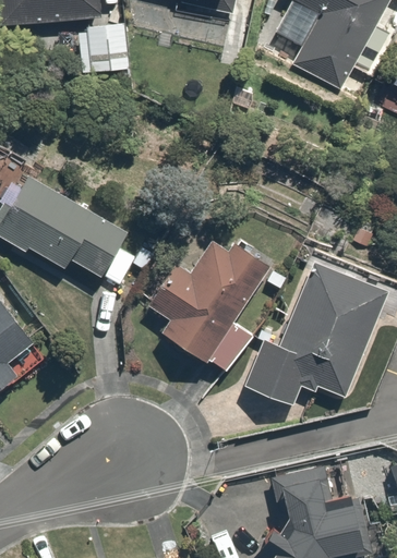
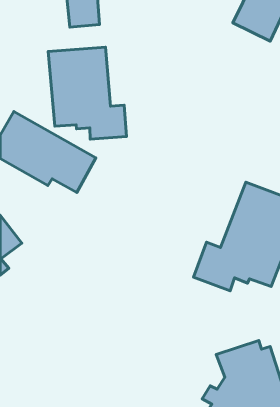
building: none -> [48,47,126,139]
building: [149,239,264,372] -> none

